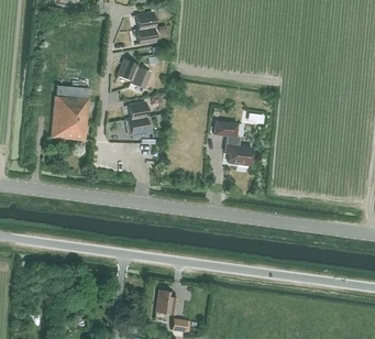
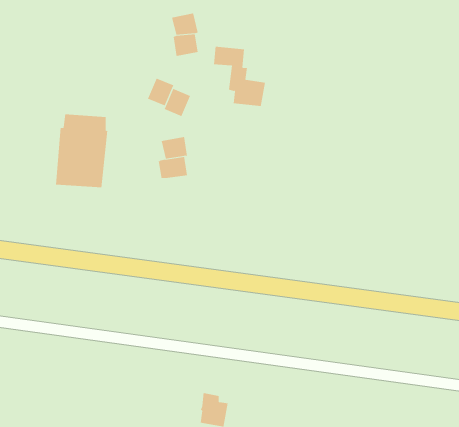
building: [214,121,253,165] -> [213,46,266,107]

